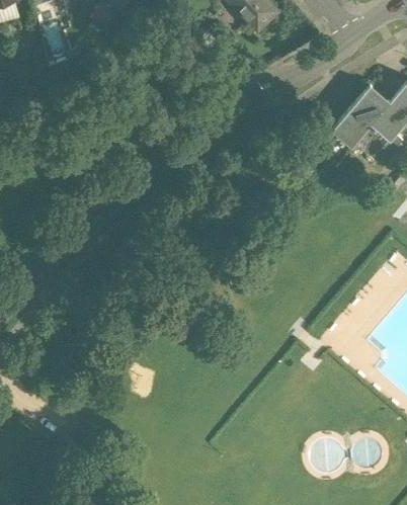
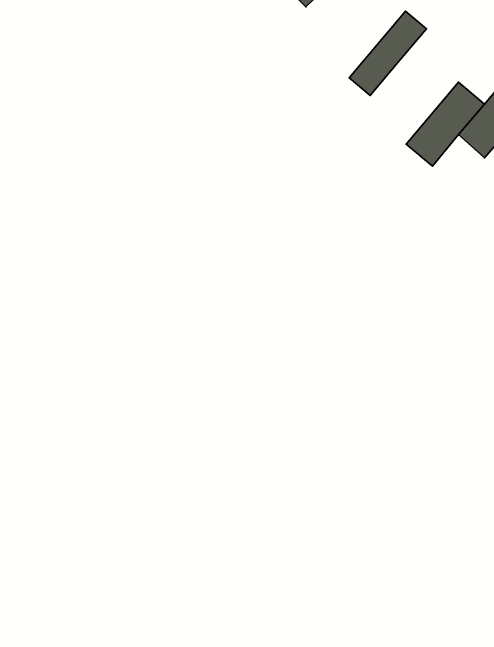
building: none -> [349,11,427,96]

